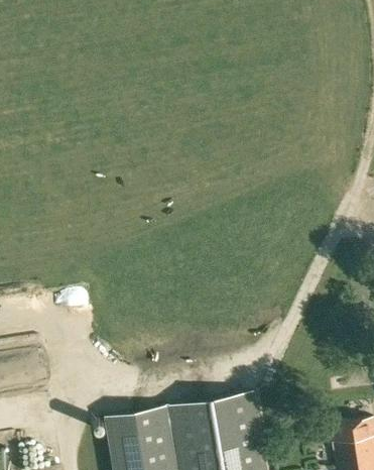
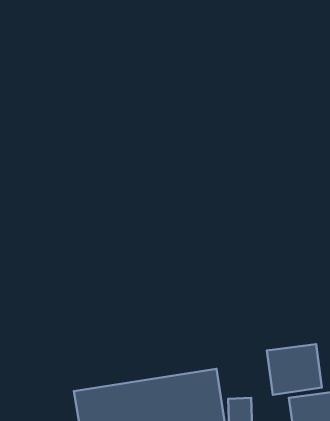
building: none -> [267,344,322,395]

